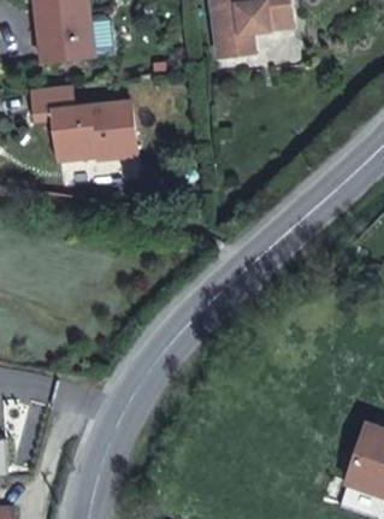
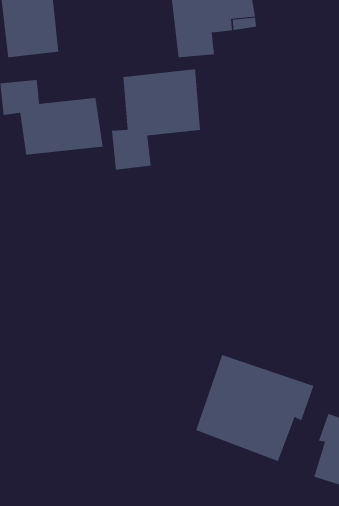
building: none -> [111,69,200,171]
building: none -> [196,354,314,462]

